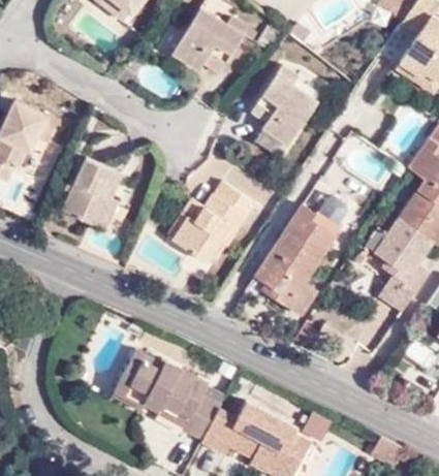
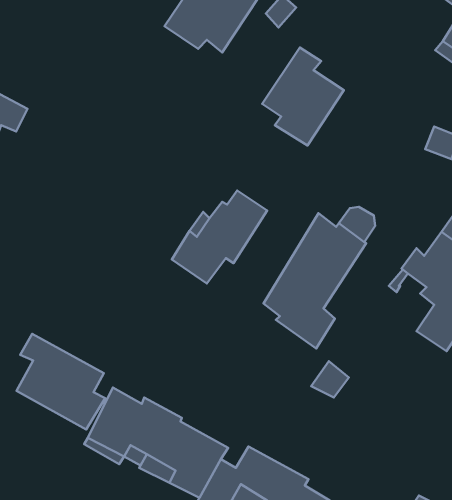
building: [63,158,120,228] -> none
building: none -> [16,334,105,429]

